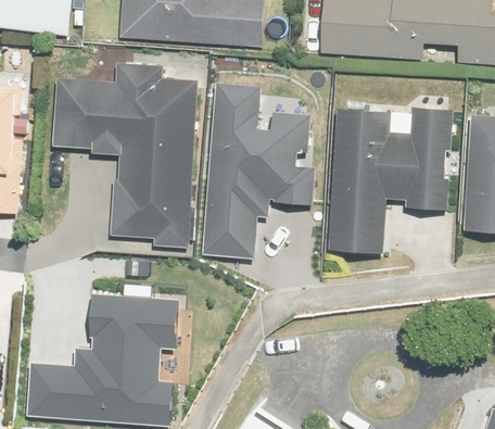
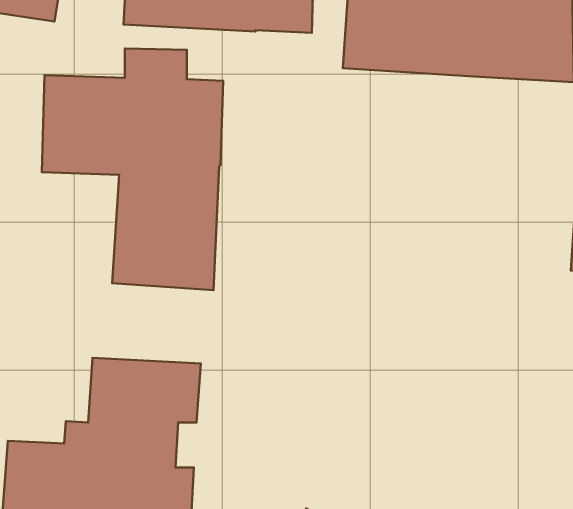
building: [202,79,315,255] -> none
building: [329,104,454,250] -> none

